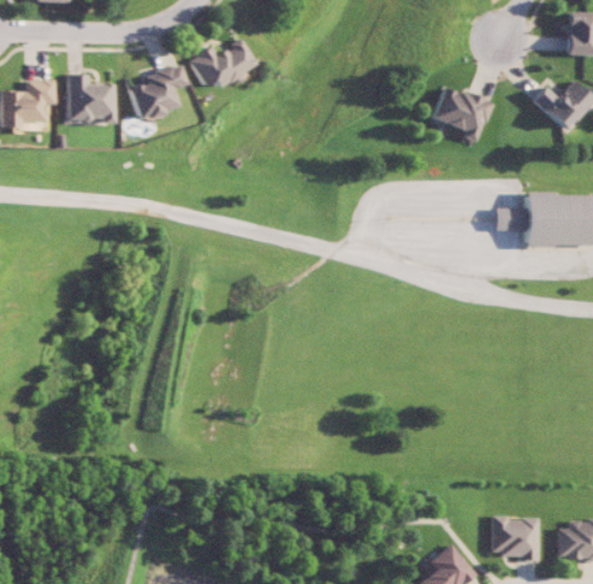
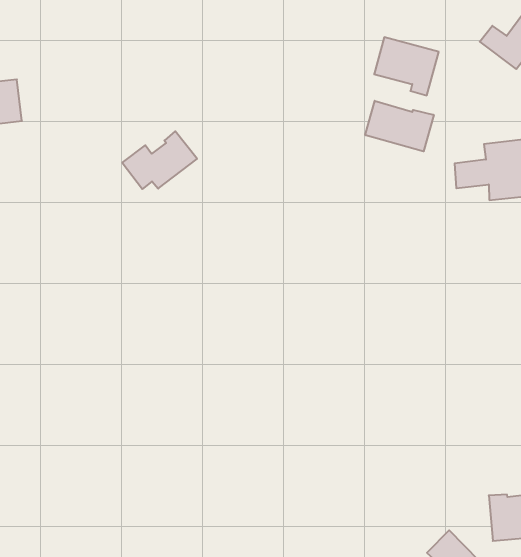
building: [182,37,250,88] -> [122,131,197,189]
building: [124,65,179,122] -> none
building: none -> [365,101,434,151]

